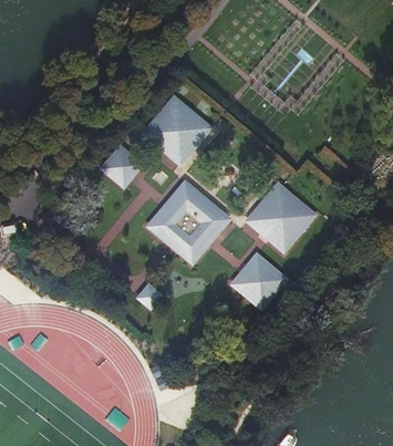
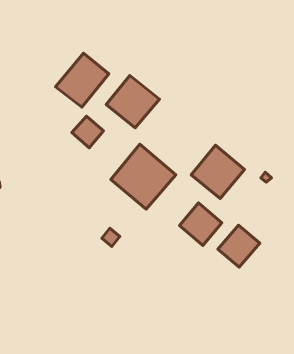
building: none -> [55,53,109,107]
building: none -> [218,225,260,267]

